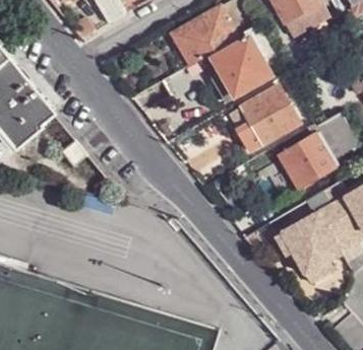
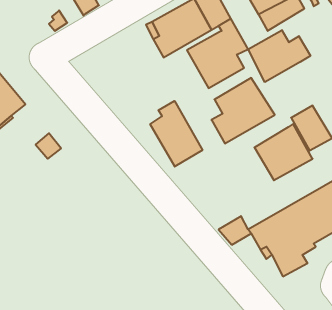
building: none -> [248,30,310,82]
building: none -> [150,101,202,167]

